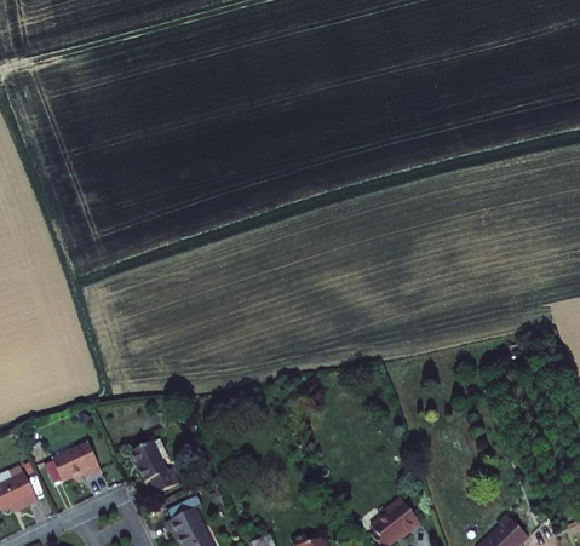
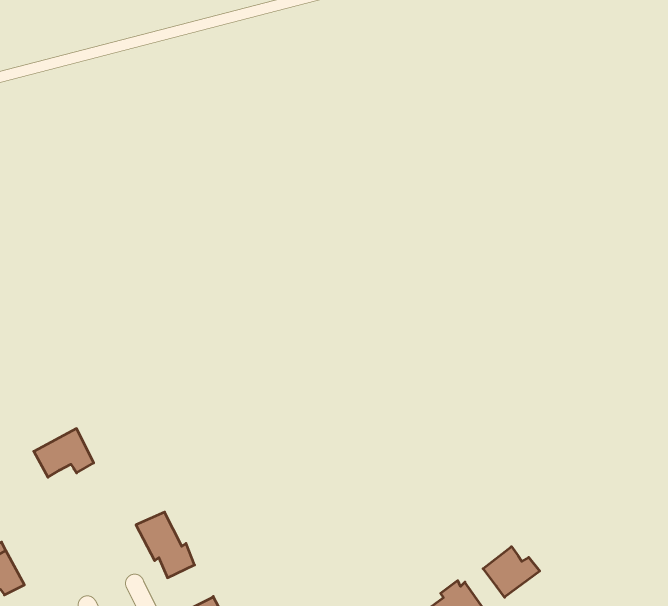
building: [46,438,97,479] -> [34,429,94,477]
building: none -> [483,547,540,597]

